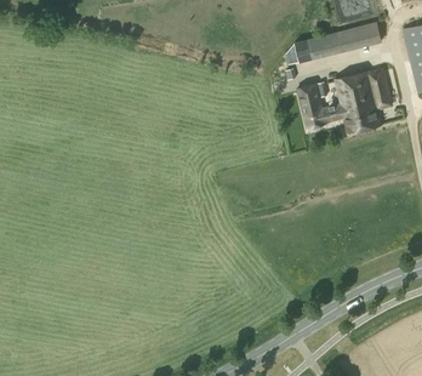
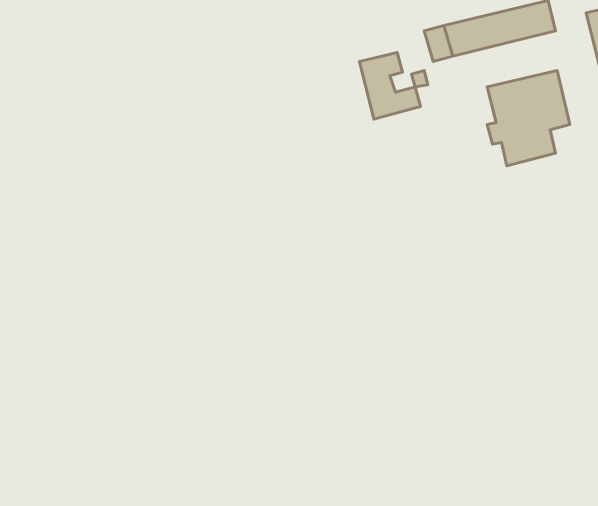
building: [297,82,338,127] -> [359,53,421,119]

